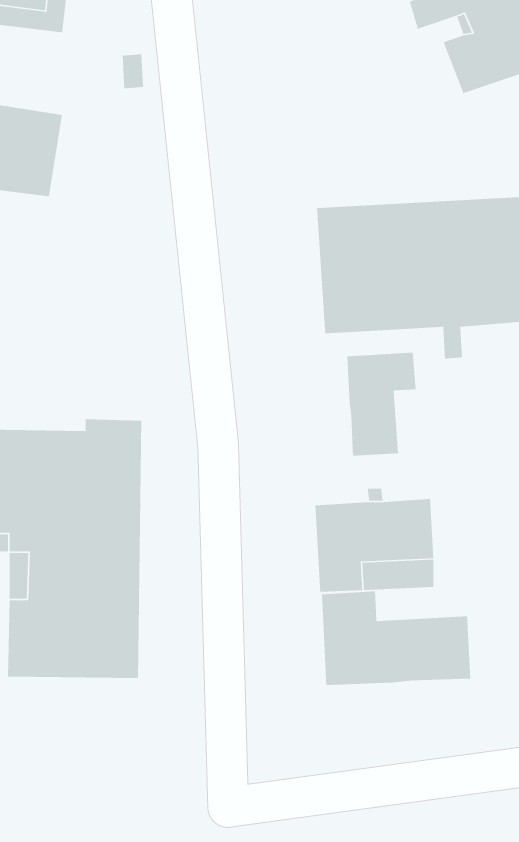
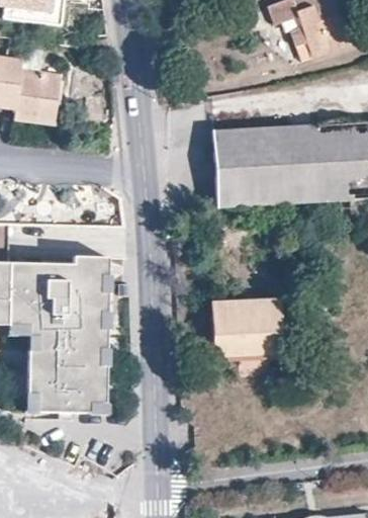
building: [346,352,416,456] -> none
building: [321,590,471,686] -> none

